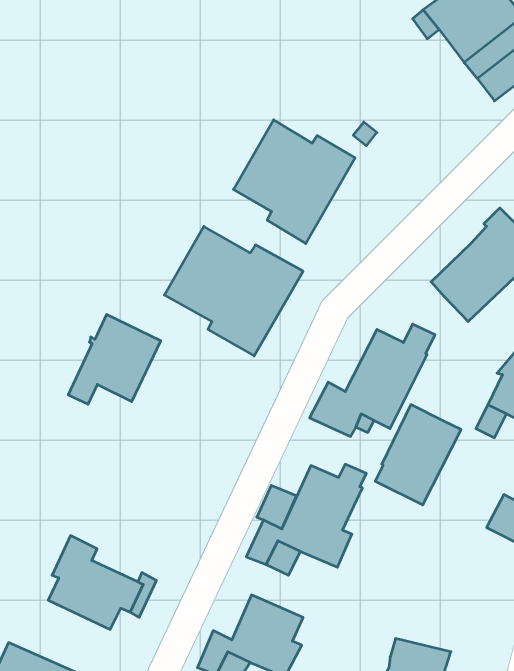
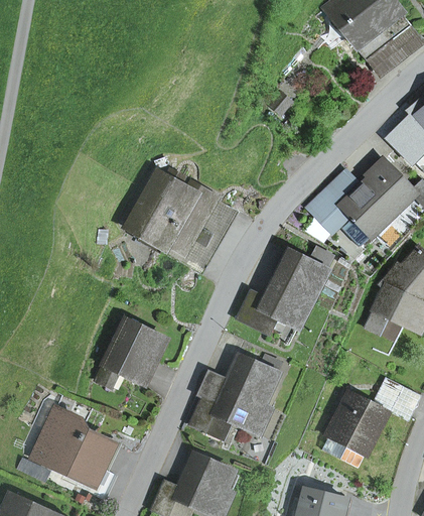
building: [233,120,355,244] -> none
building: none -> [306,170,361,236]
building: [68,314,161,404] -> [96,318,166,387]
building: [375,405,461,505] -> [321,391,387,468]

